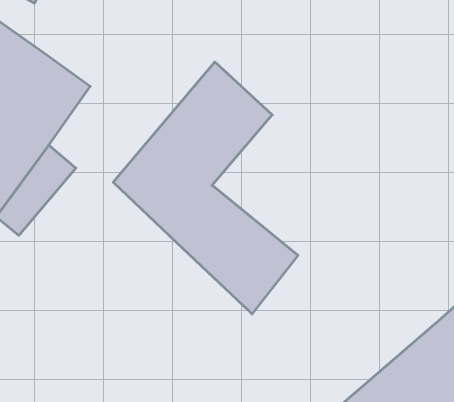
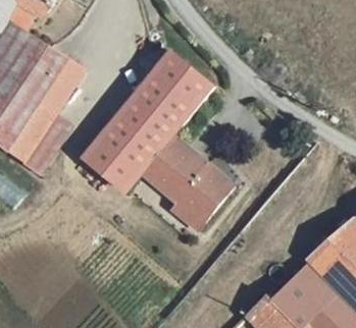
building: none -> [86,140,144,199]

